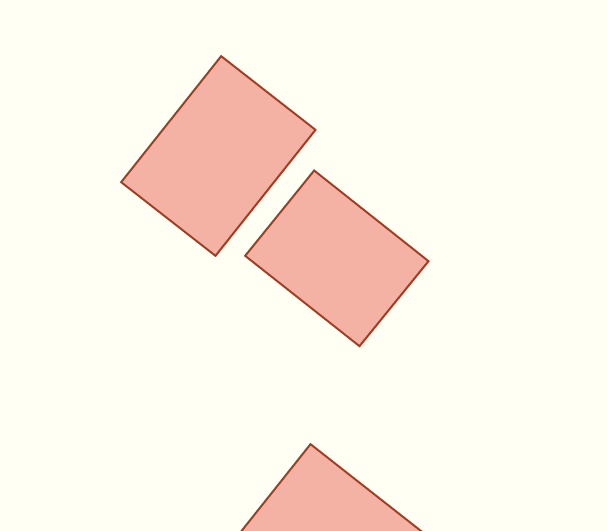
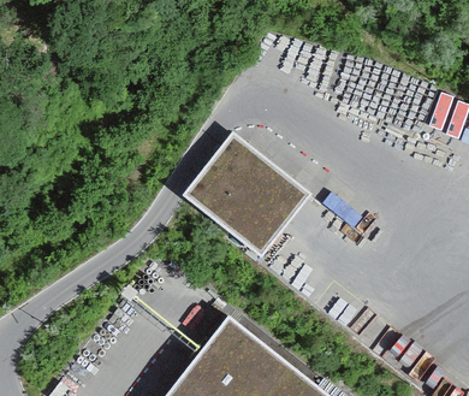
building: [121,56,315,256] -> none

